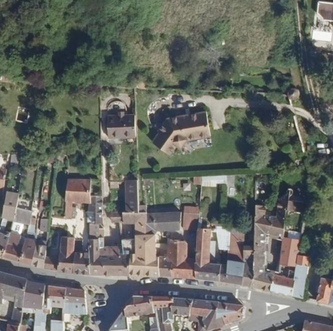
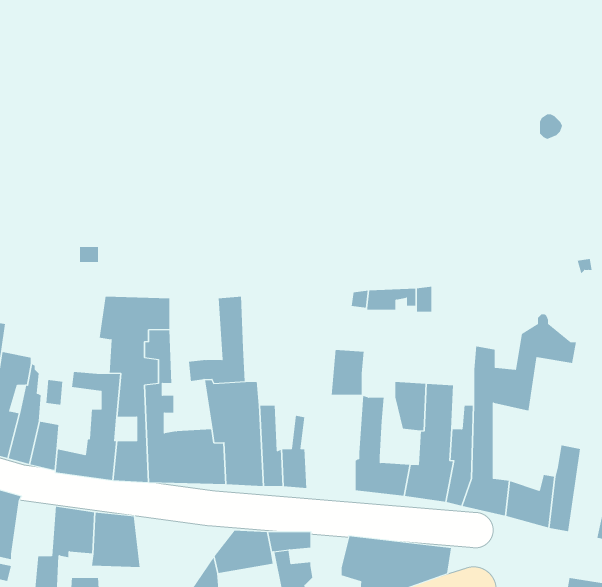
building: [151,110,210,154] -> none
building: [106,114,135,137] -> none
building: [145,211,180,233] -> none
building: [279,236,300,265] -> none
building: [167,239,196,276] -> none
building: [21,281,43,320] -> none
building: [161,297,191,315] -> none

